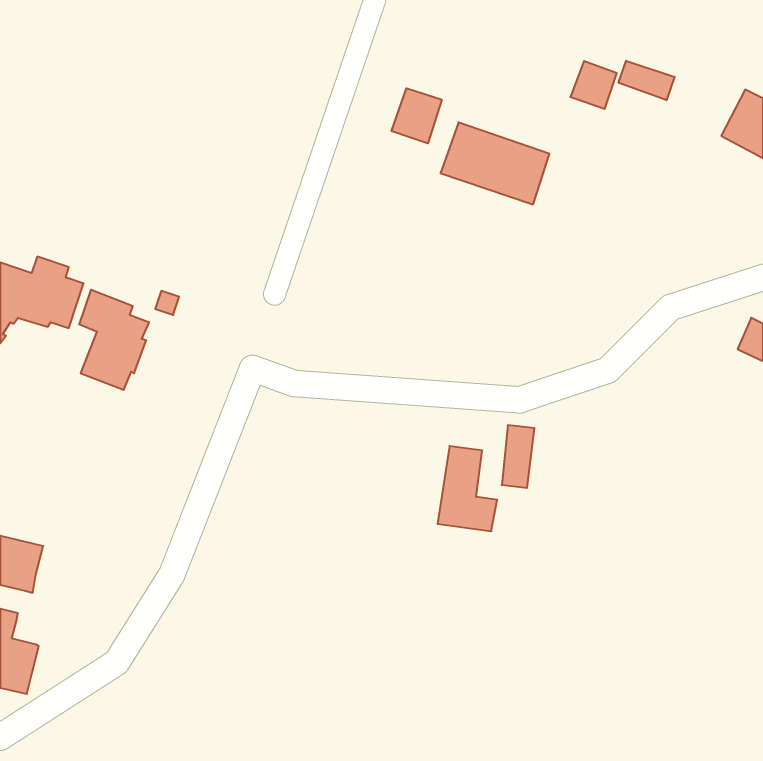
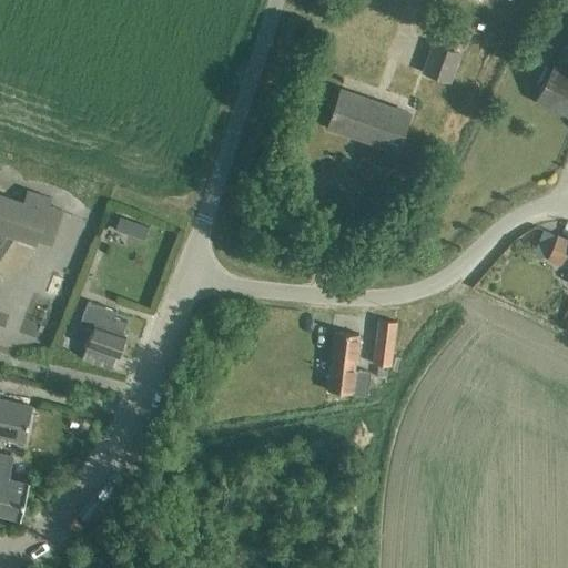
building: [619,61,675,100] -> none
building: [391,88,442,143] -> none
building: [79,290,149,390] -> [77,296,129,371]

